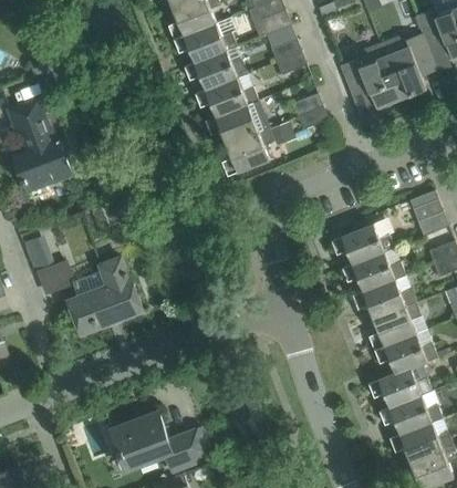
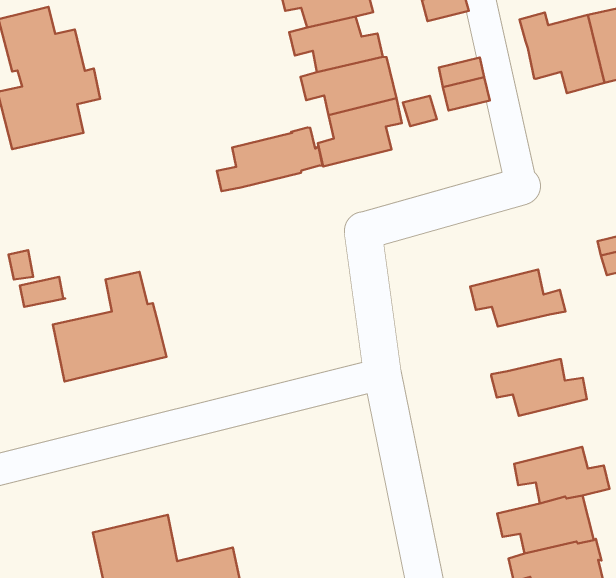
building: none -> [217,128,322,191]
building: [342,251,406,291] -> none
building: [370,302,422,350] -> none

